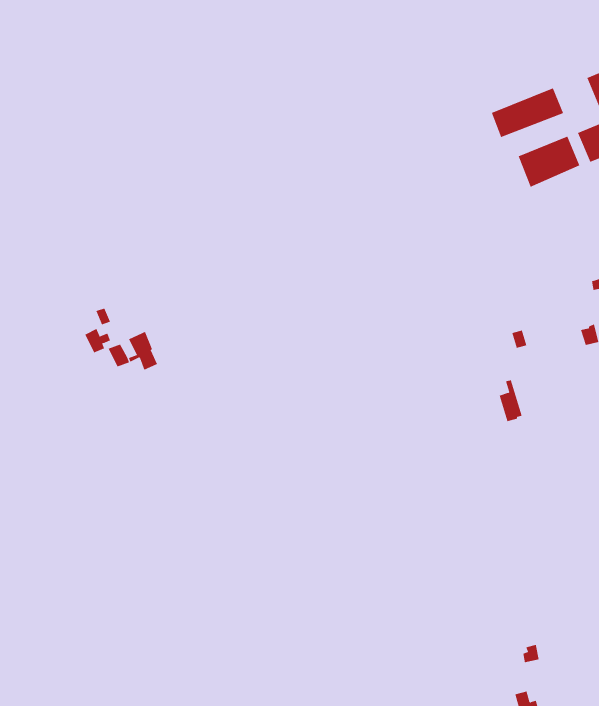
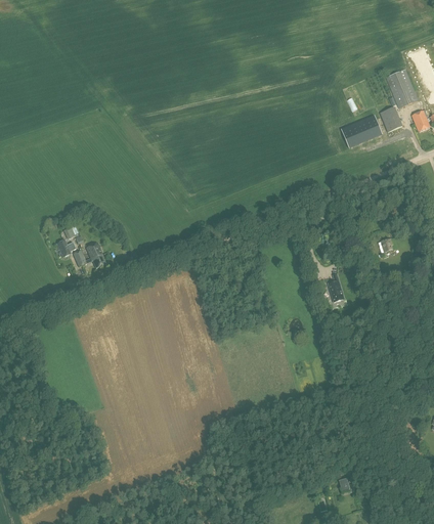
building: [491,87,564,138] -> none

